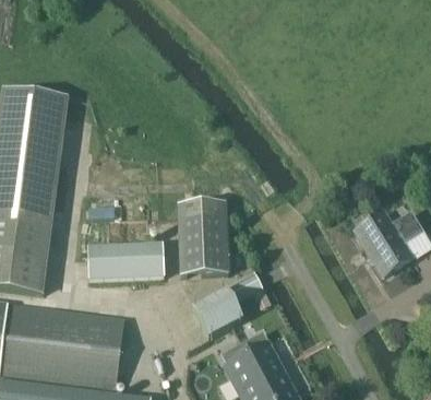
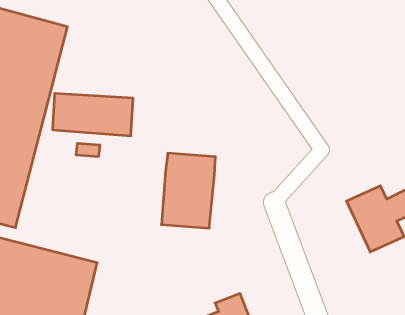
building: [87,238,165,278] -> [53,93,133,136]
building: [192,268,272,336] -> none

